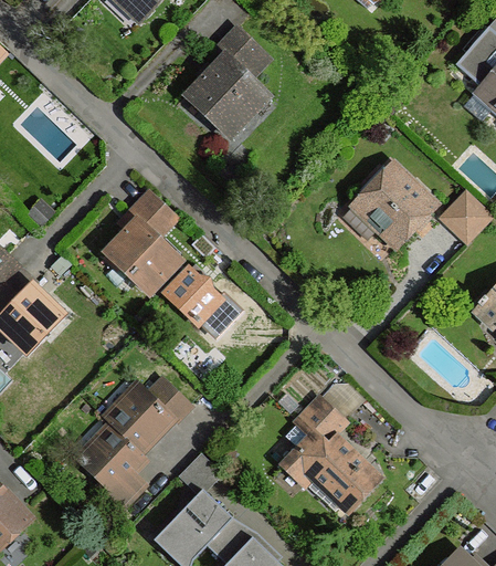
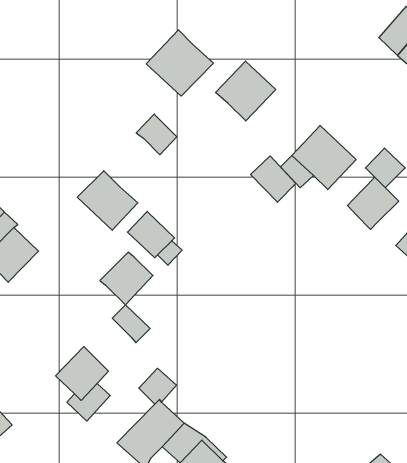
building: [215,28,260,73] -> none
building: none -> [216,61,276,121]
building: [127,192,175,240] -> [136,114,177,155]
building: none -> [251,156,296,202]
building: none -> [347,177,399,229]
building: [106,388,168,450] -> [100,252,153,305]
building: [284,400,379,506] -> none

